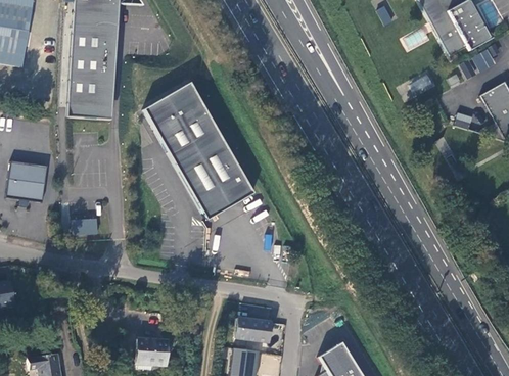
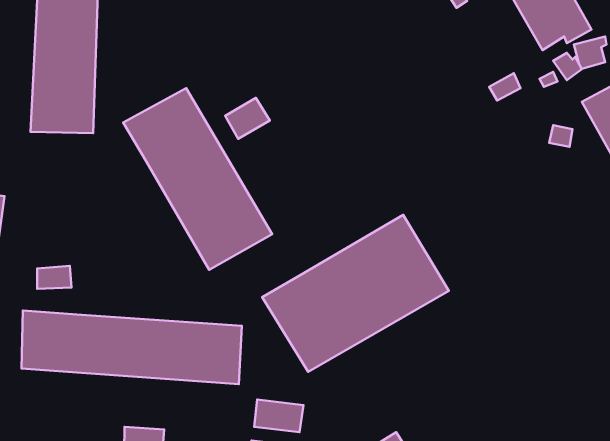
building: none -> [225,98,270,139]
building: none -> [262,215,449,372]
building: none -> [22,311,242,384]

